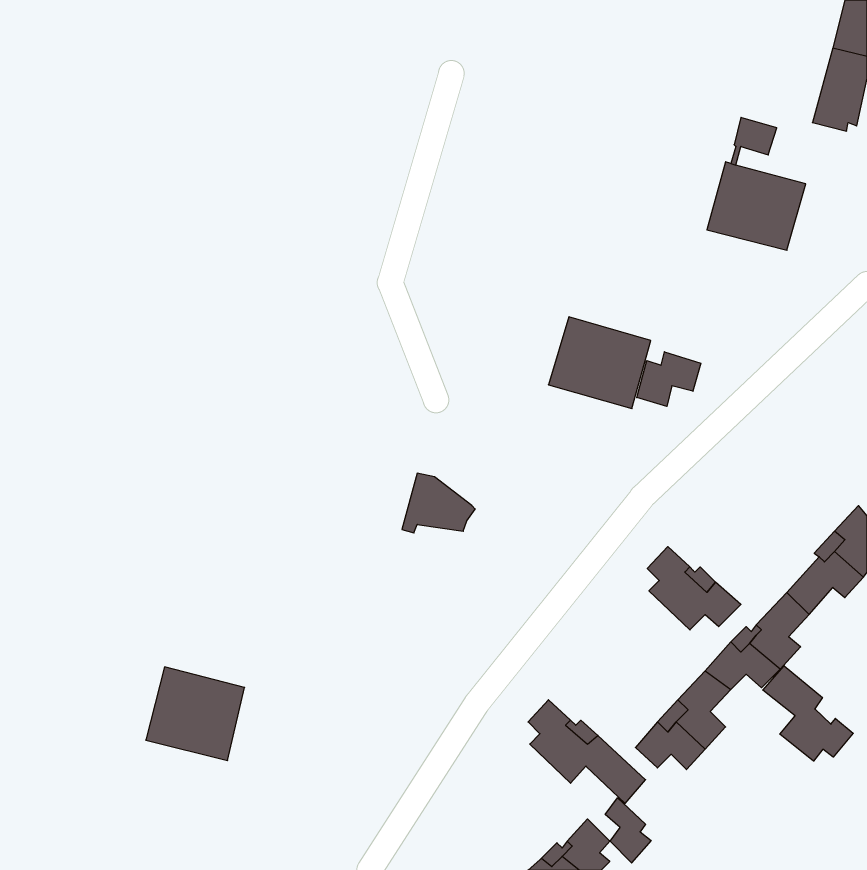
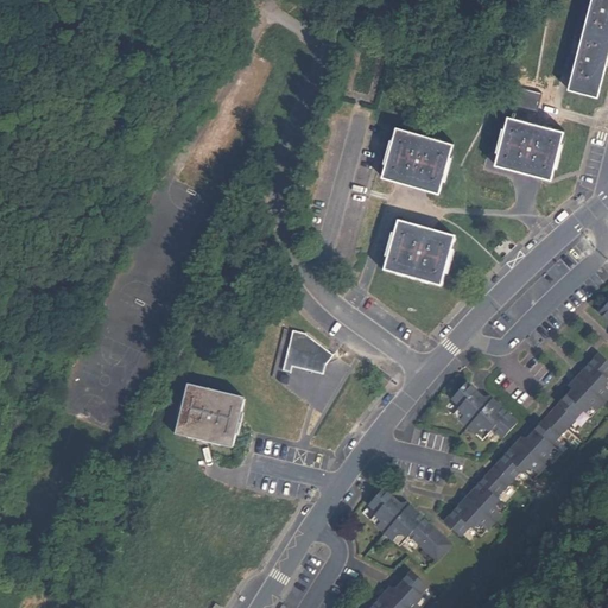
building: none -> [382,127,451,189]
building: [637,352,701,406] -> none
building: [763,666,853,761] -> none
building: [146,667,245,761] -> [173,381,242,446]
building: [605,798,651,863] -> none

